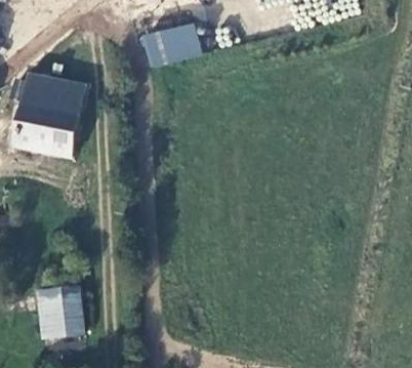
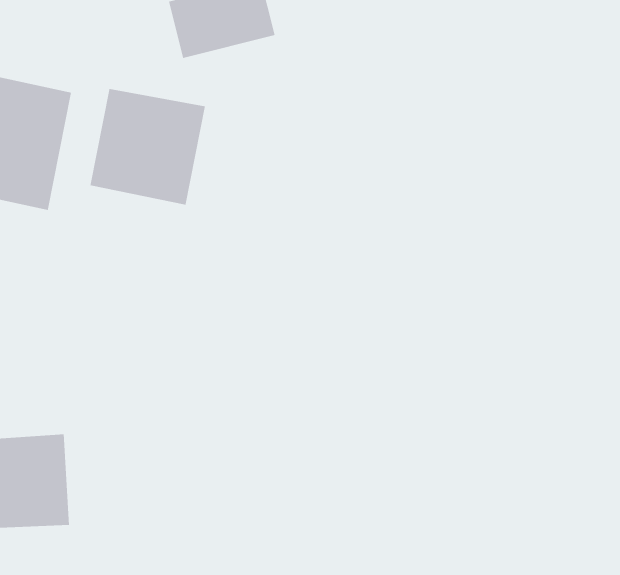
building: none -> [90,88,205,206]

